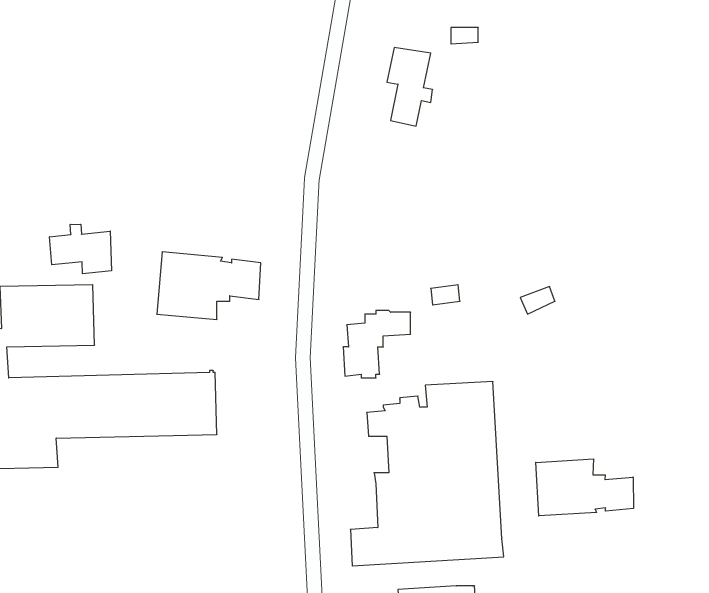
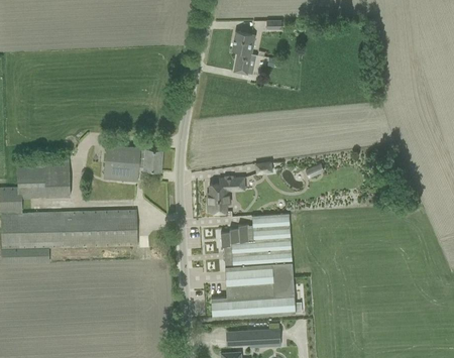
building: [50,224,111,274] -> none
building: [536,459,634,516] -> none

